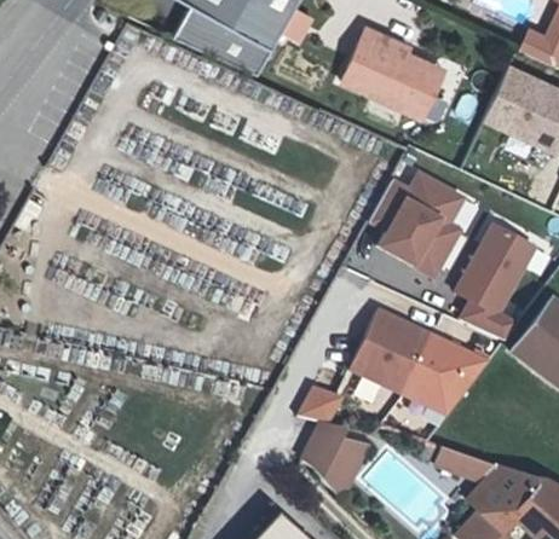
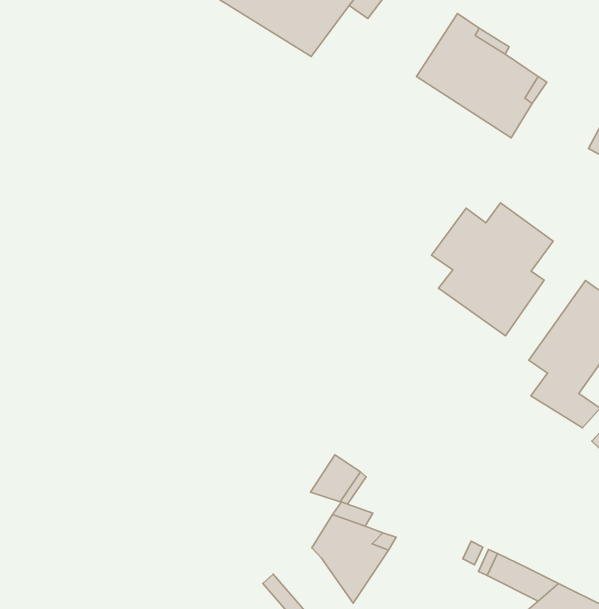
building: [351,309,488,410] -> none

